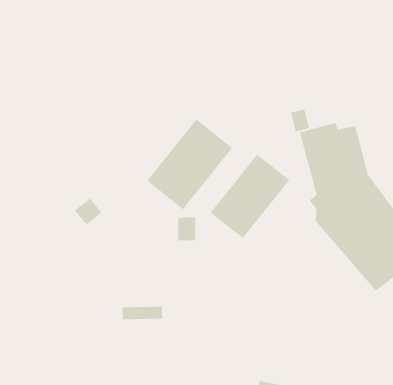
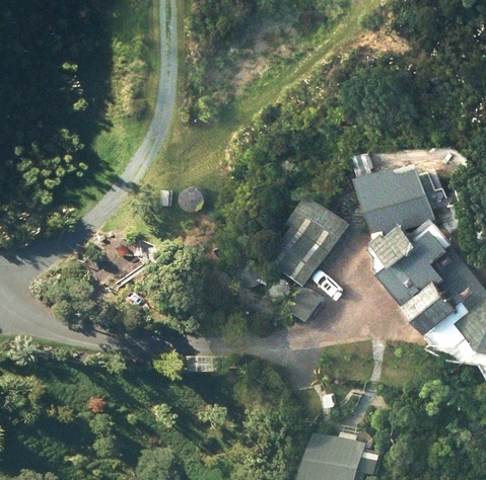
building: [147,119,233,210] -> none

